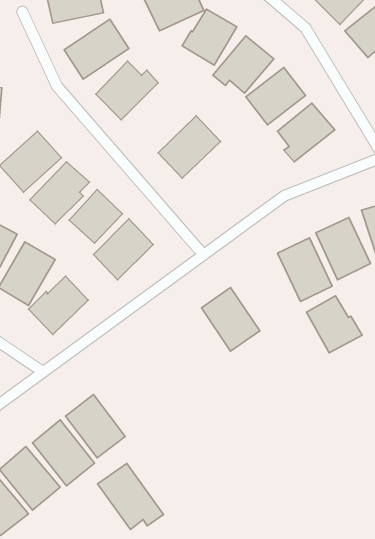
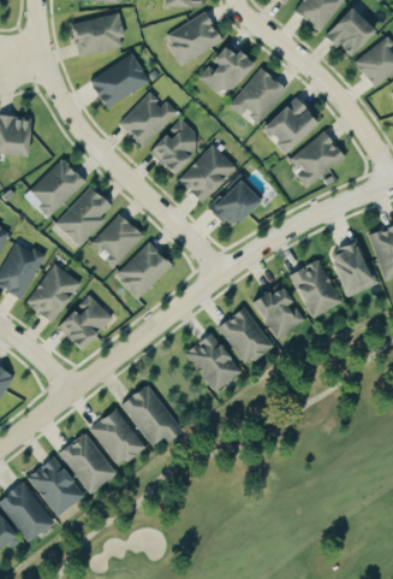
building: none -> [148,118,198,173]
building: none -> [208,175,261,229]
building: [306,296,362,353] -> [254,284,306,338]
building: none -> [185,332,243,392]
building: [97,464,164,530] -> [121,383,184,445]

